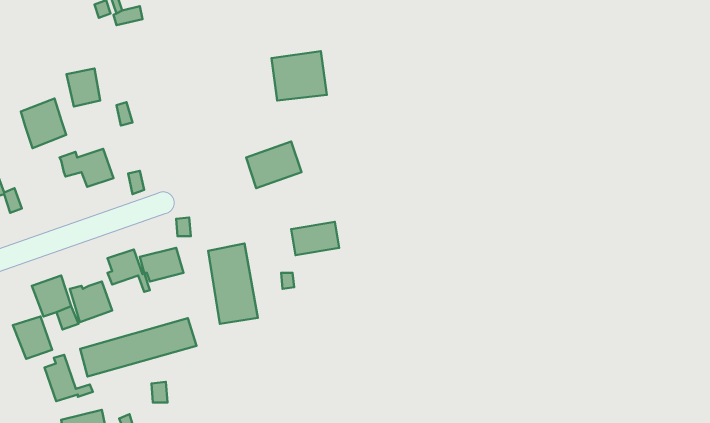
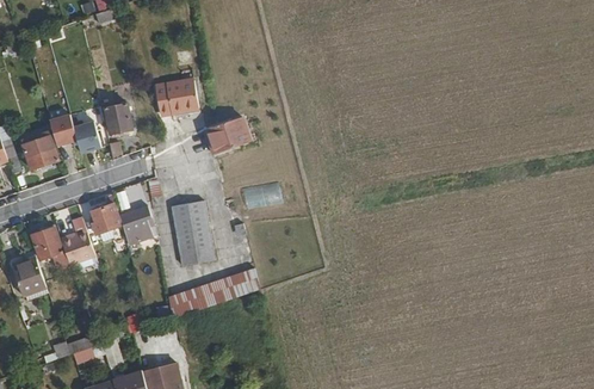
building: [271,51,327,101] -> [153,76,198,117]
building: [67,68,100,106] -> [104,103,131,134]
building: [21,99,66,148] -> [20,129,57,169]
building: [80,318,197,376] -> [165,268,260,316]
building: [44,355,93,401] -> none

